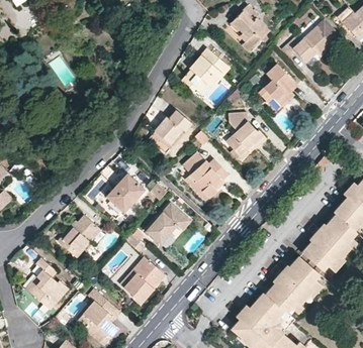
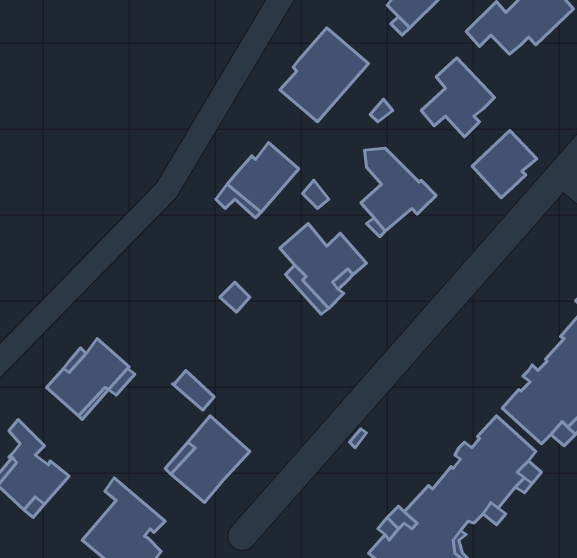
building: none -> [472,131,537,198]
building: [107,173,144,211] -> none
building: [145,202,190,243] -> none

